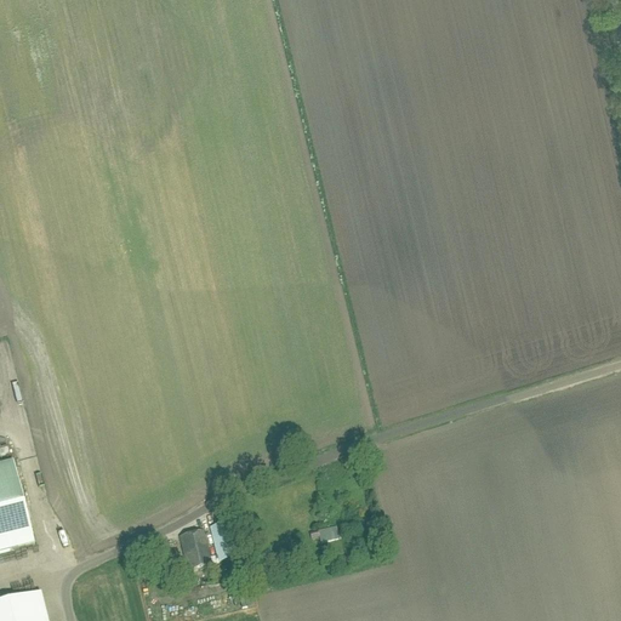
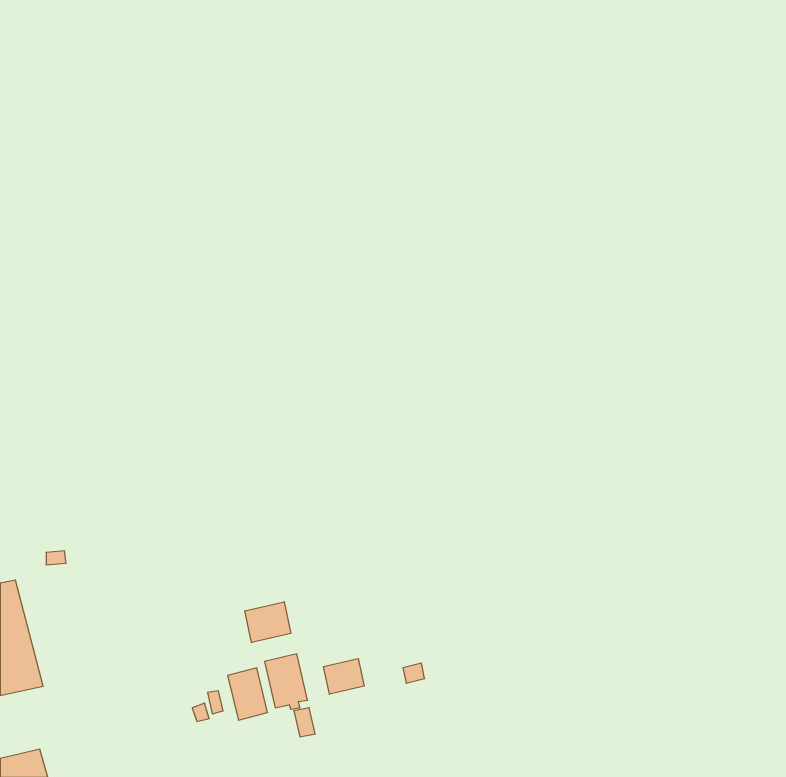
building: none -> [245,602,291,643]
building: none -> [324,659,364,694]

